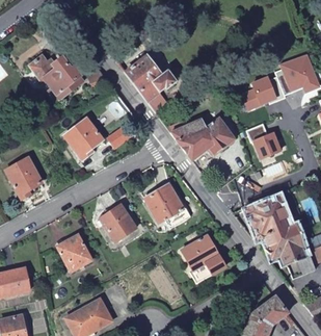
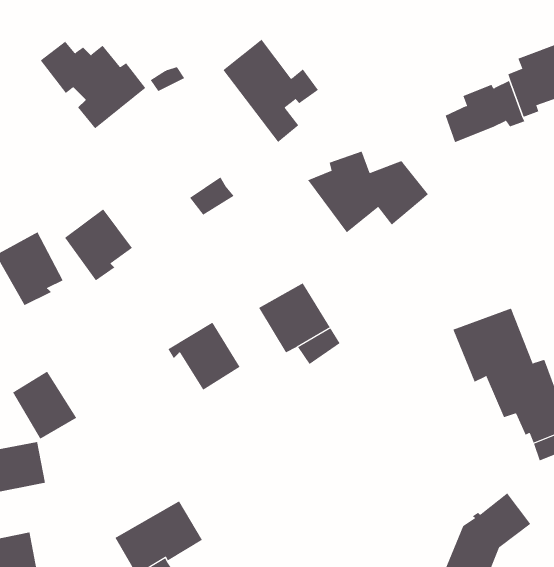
building: [65,119,102,157] -> [64,208,133,281]
building: [246,123,279,158] -> none
building: [183,233,225,278] -> none
building: [59,234,93,270] -> [12,371,77,440]

